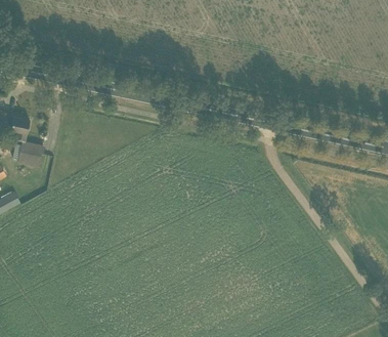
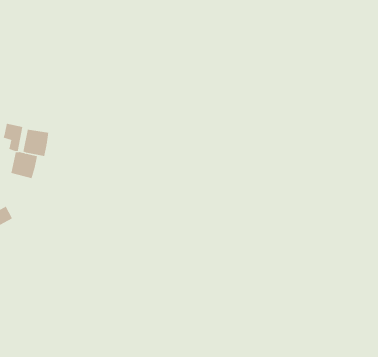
building: none -> [23,129,49,157]

